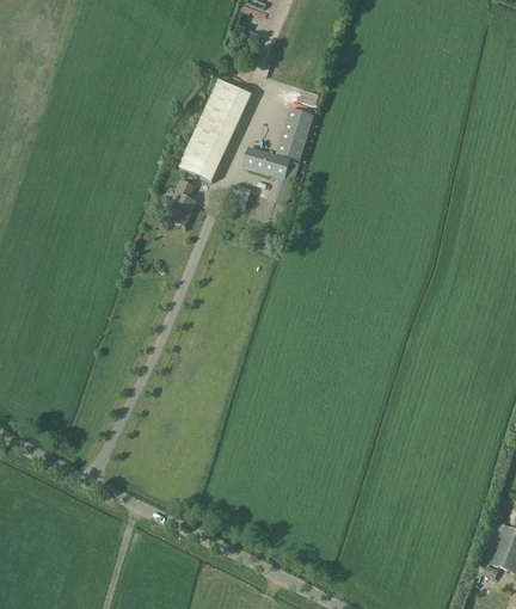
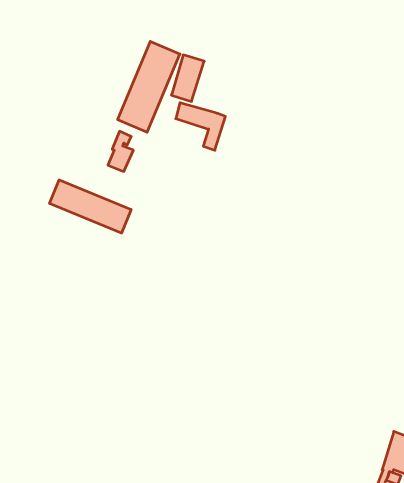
building: [278,109,315,161] -> [171,55,204,101]
building: none -> [50,180,131,233]

